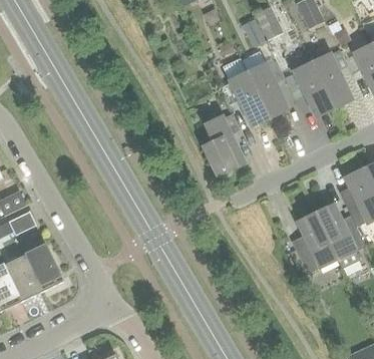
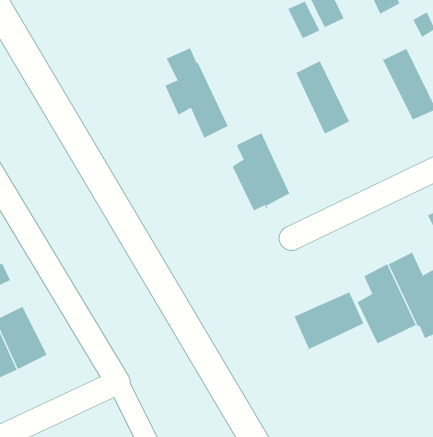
building: [221,59,269,126] -> [165,47,230,138]
building: [293,63,334,116] -> none
building: none -> [294,291,367,351]

